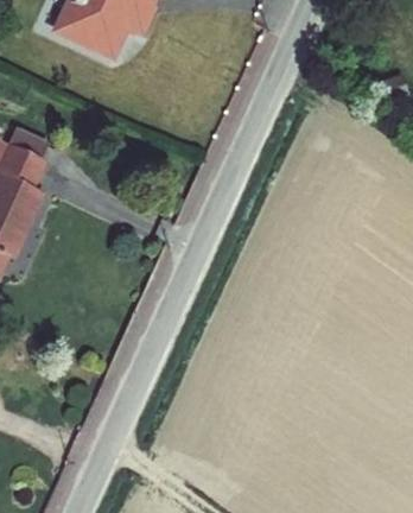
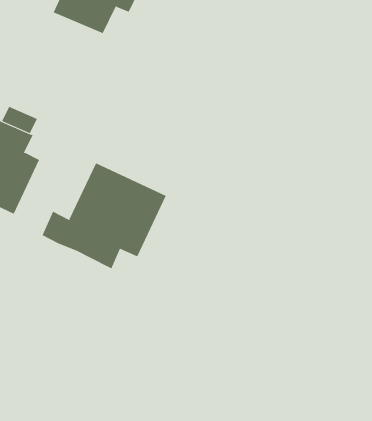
building: none -> [42,163,166,269]

